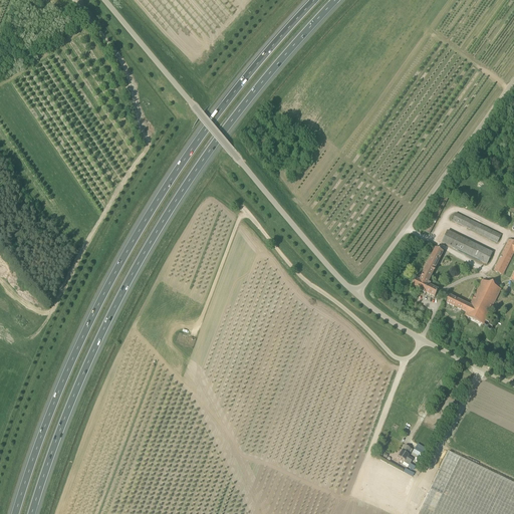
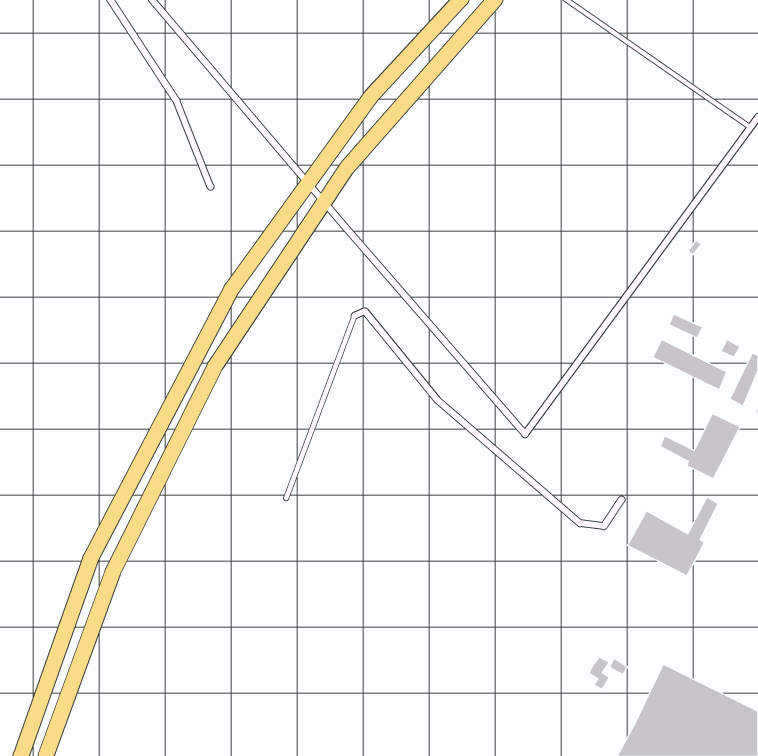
building: [412,248,443,296] -> none
building: none -> [628,497,718,576]

